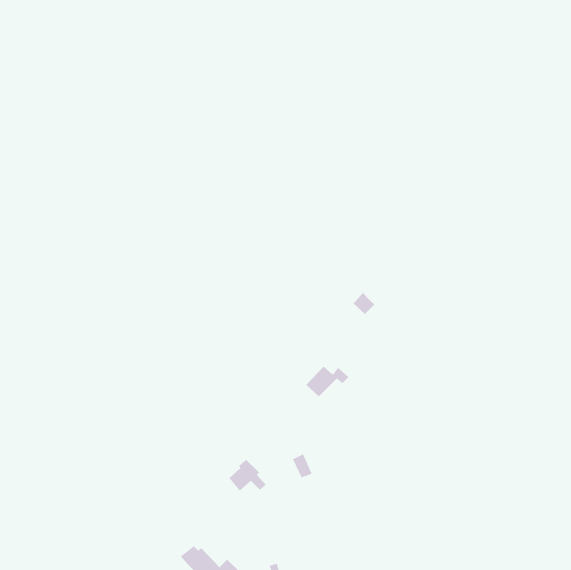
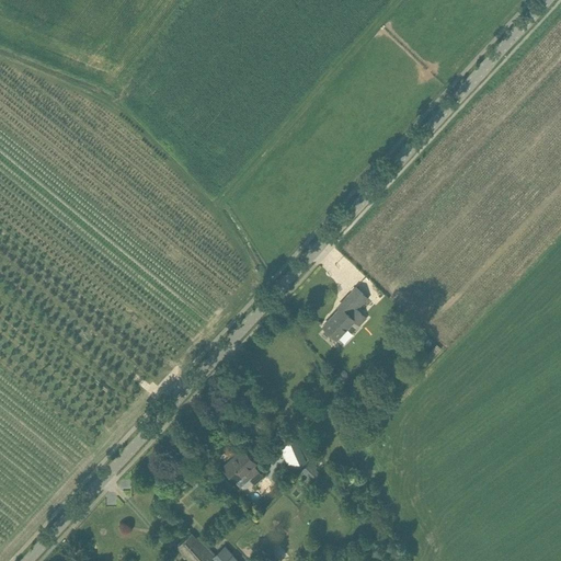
building: [305,366,349,397] -> [322,309,365,340]

